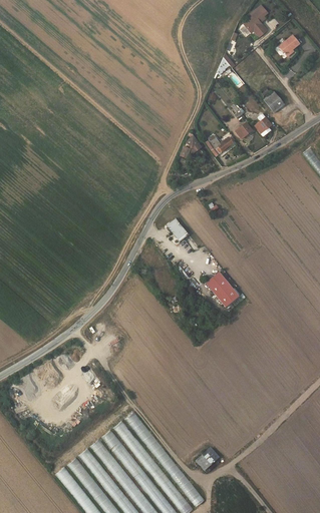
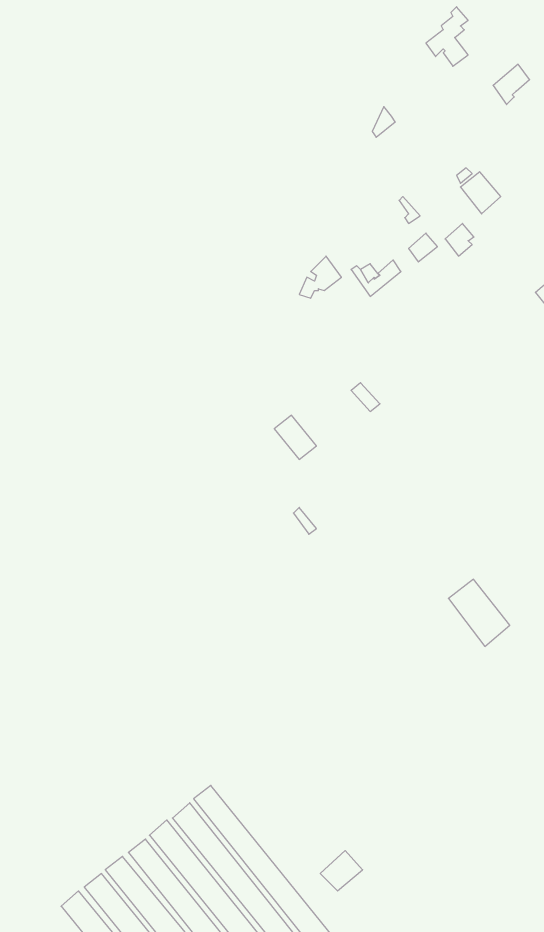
building: [206,272,238,307] -> [448,579,510,646]

